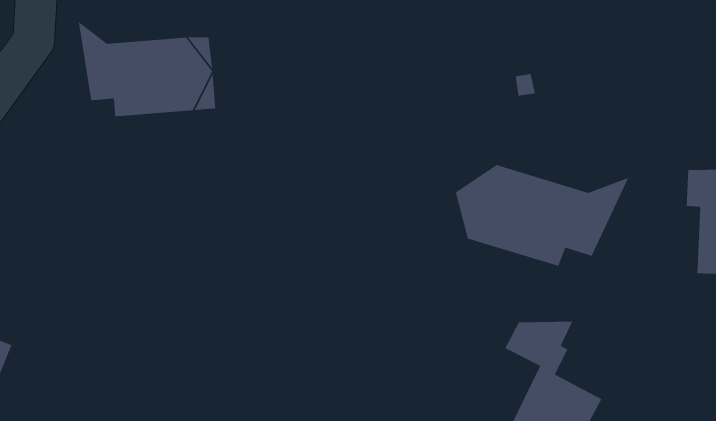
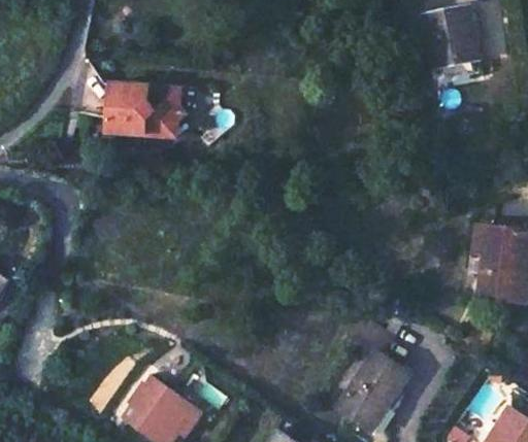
building: [455,164,630,267] -> none

